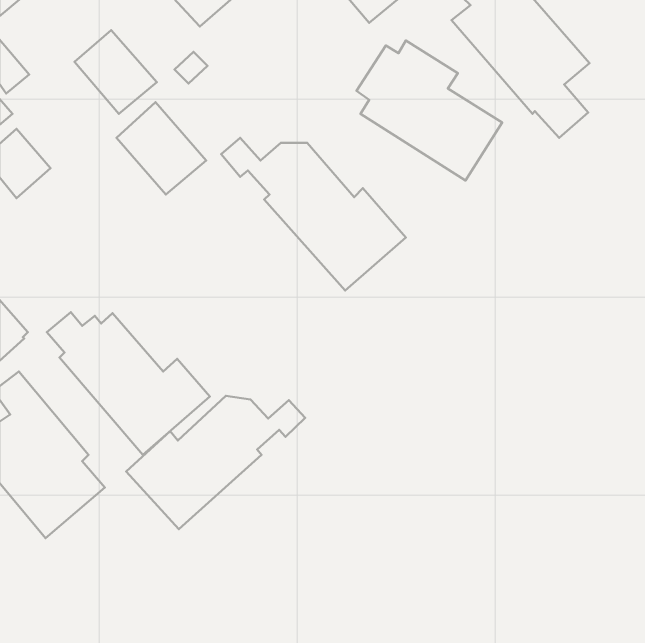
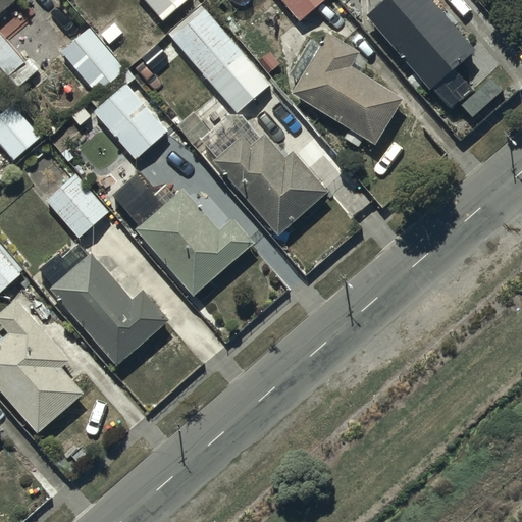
building: none -> [166,5,269,114]
building: none -> [44,173,108,239]
building: none -> [112,173,255,297]
building: [126,396,305,529] -> none

